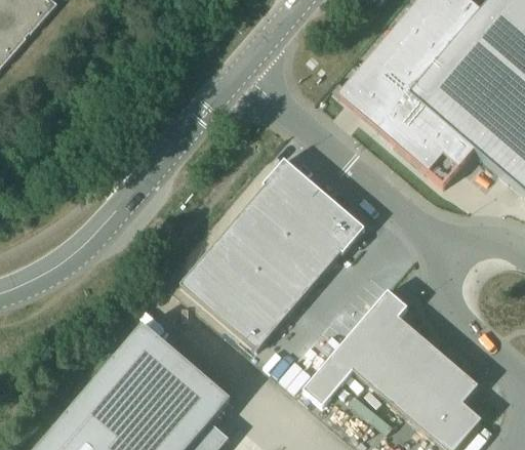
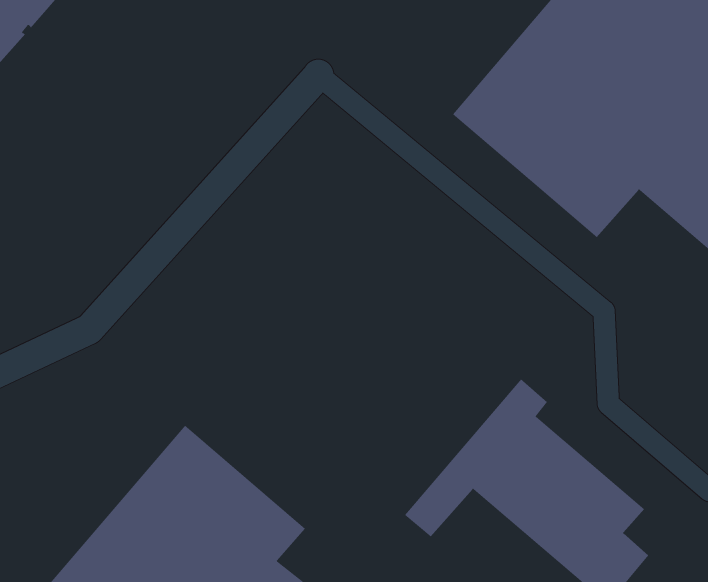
building: [179,157,364,349] -> none

